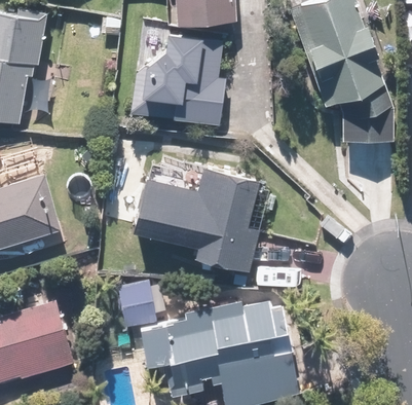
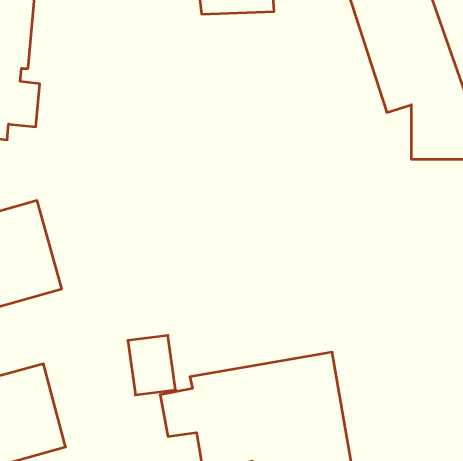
building: [130,35,223,126] -> none
building: [138,170,267,271] -> none

